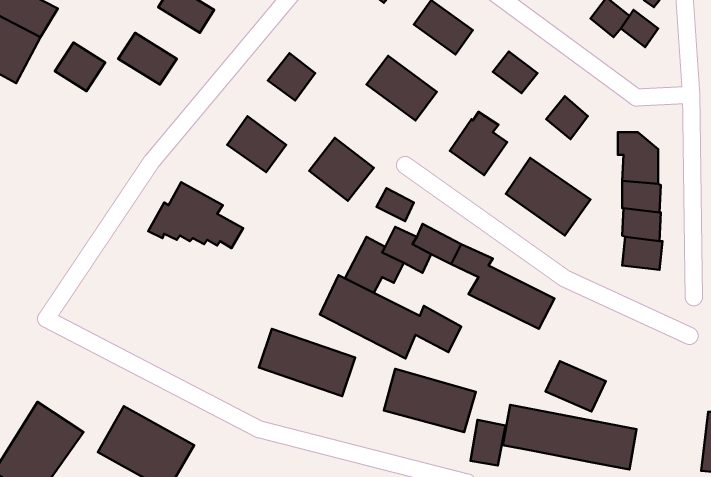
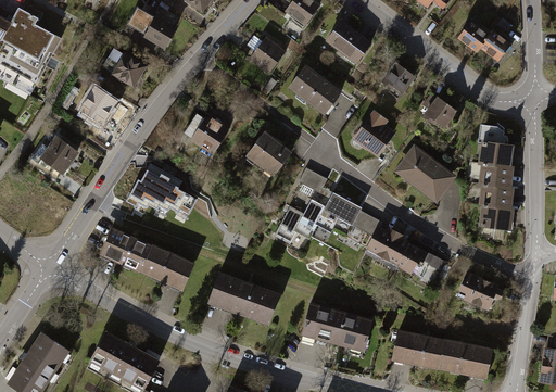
building: [55,42,105,91] -> [79,86,117,123]
building: [268,53,315,101] -> [249,36,285,72]
building: none -> [39,137,77,175]
building: none -> [98,226,192,292]
building: [320,275,461,358] -> none
building: [545,361,606,411] -> [455,273,501,311]
building: [470,420,506,465] -> none

